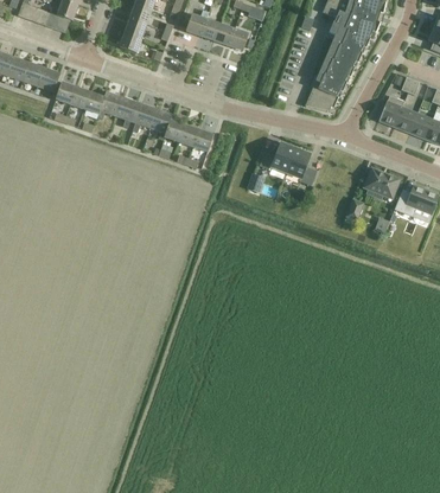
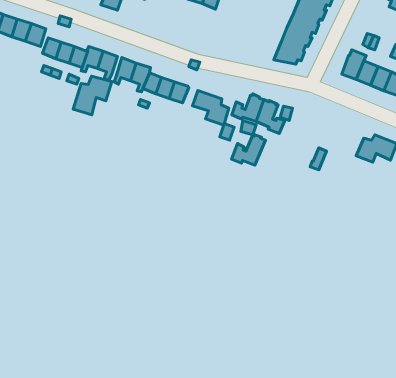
building: none -> [73,76,112,115]
building: none -> [192,90,229,125]
building: [364,169,397,198] -> none
building: none -> [232,135,266,165]

